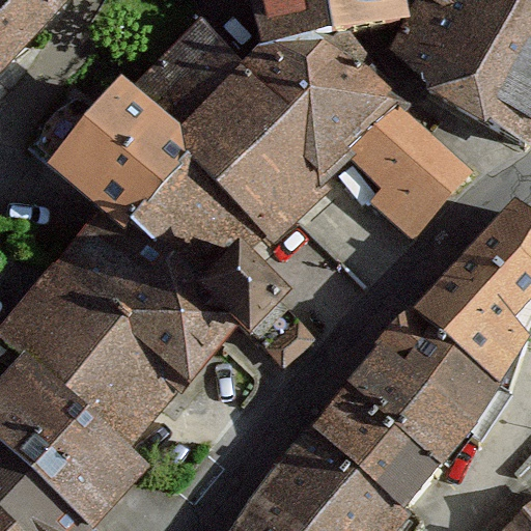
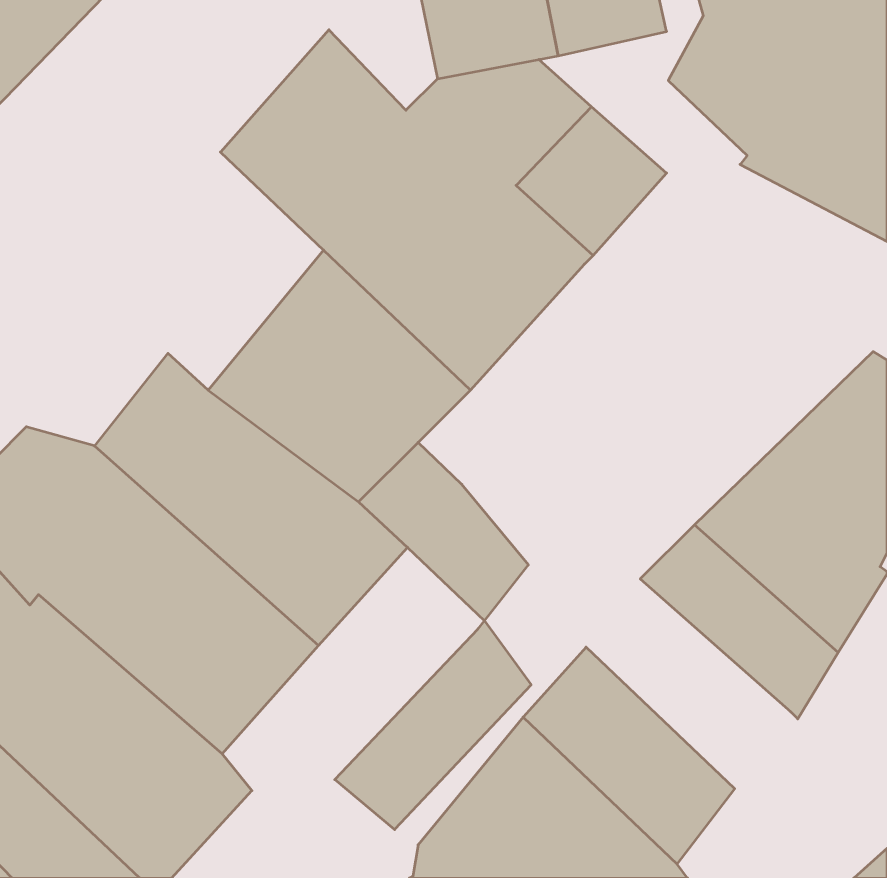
building: [30,82,192,231] -> none
building: [346,103,470,236] -> none
building: [347,343,469,468] -> none
building: none -> [335,621,531,830]

